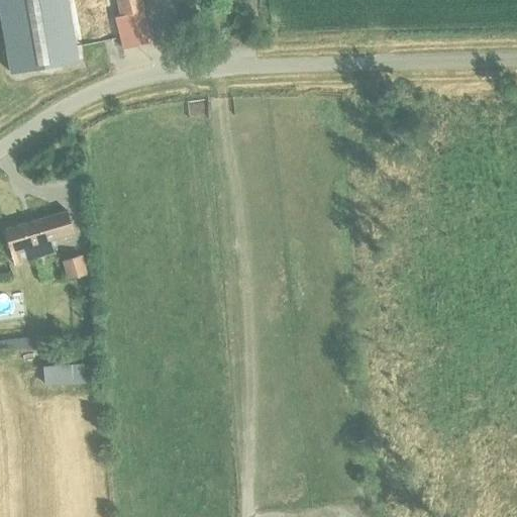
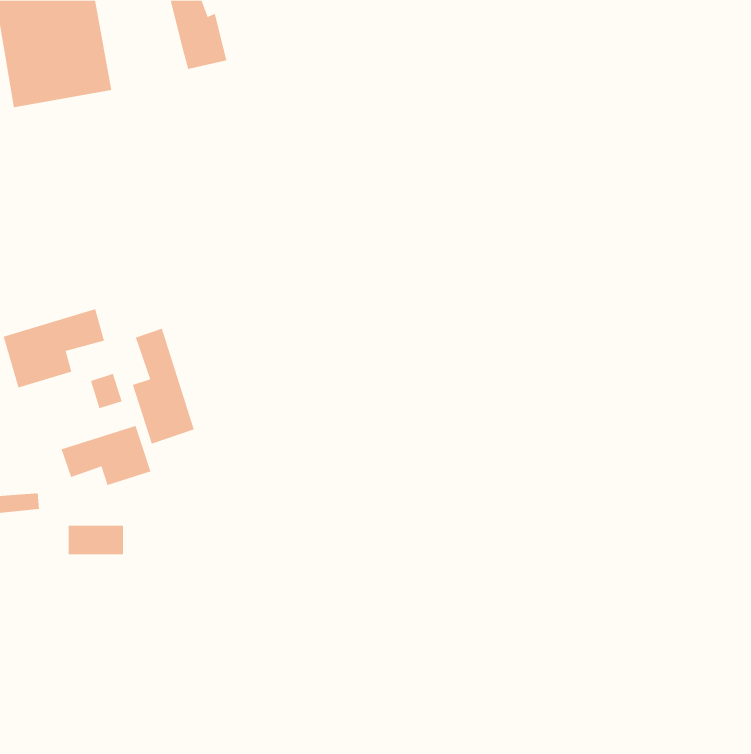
building: none -> [132,328,194,444]
building: none -> [61,425,151,486]

